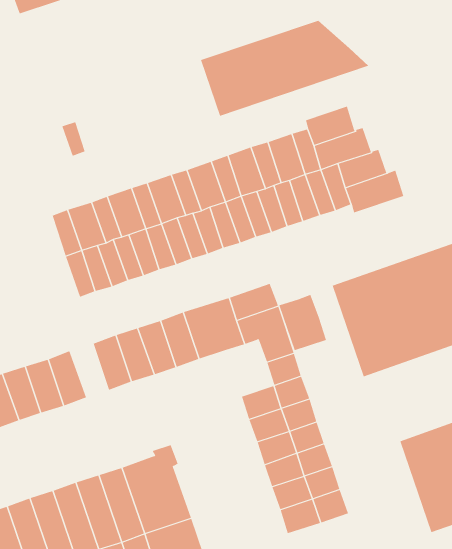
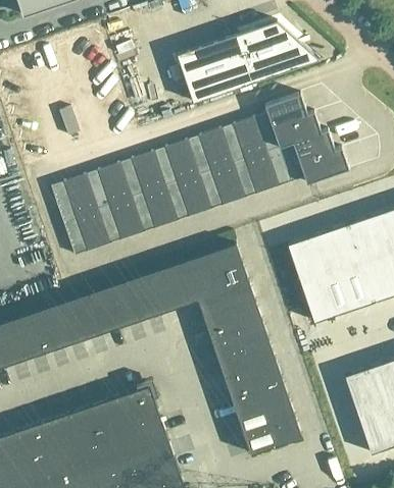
building: [278,294,327,351] -> [198,291,239,339]
building: none -> [66,294,99,340]

